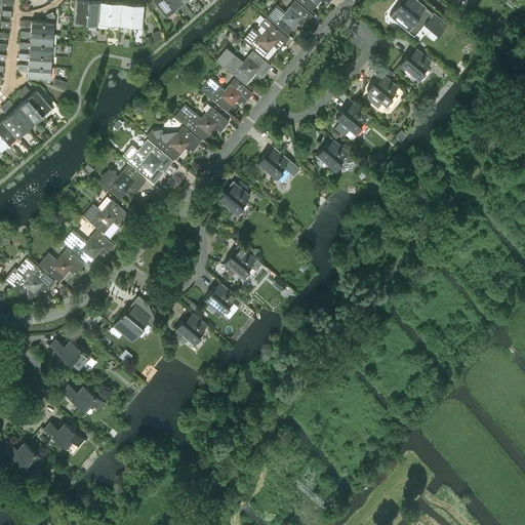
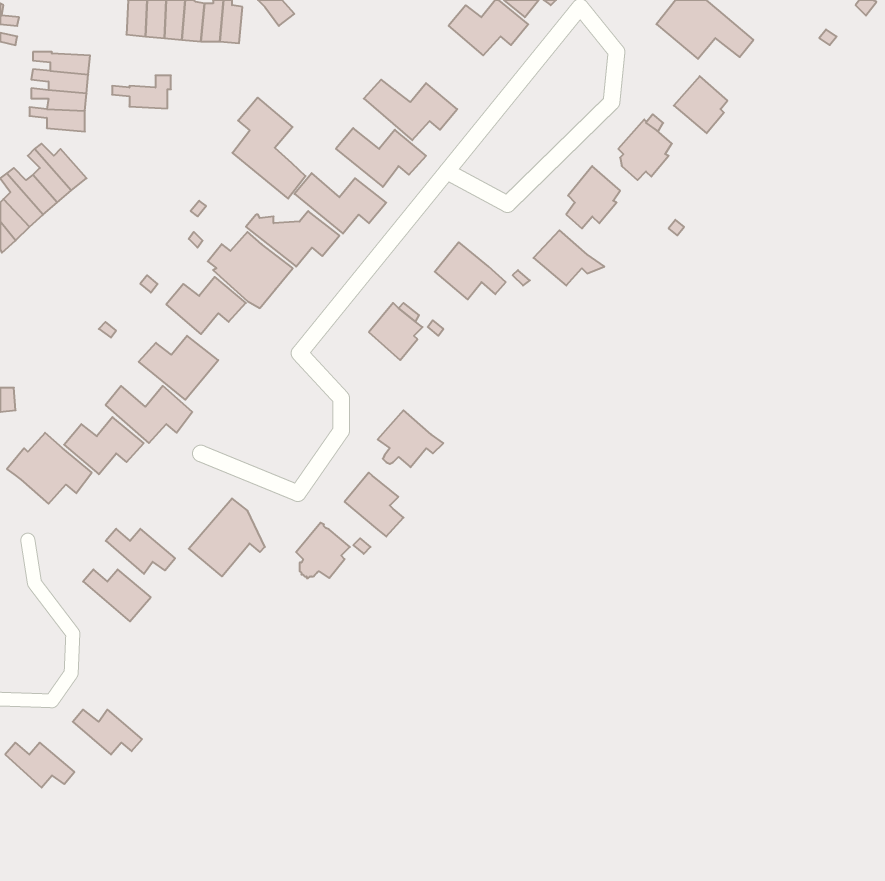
building: [21,15,55,35] -> [112,75,171,108]
building: [242,18,288,57] -> none
building: none -> [232,98,306,199]
building: [63,385,104,411] -> [106,529,175,574]

